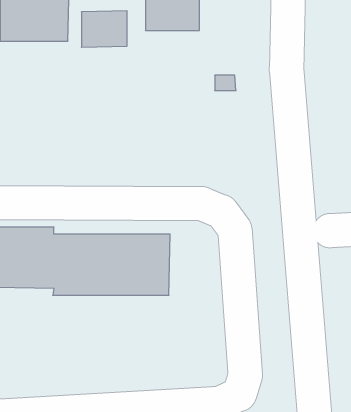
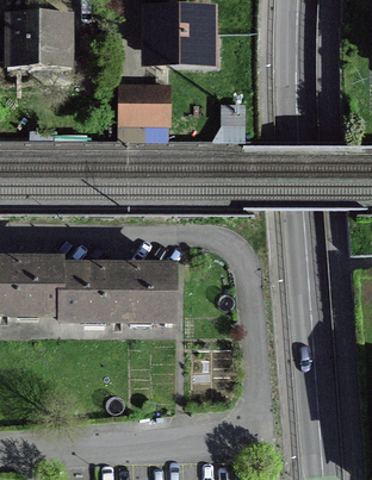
building: [81,11,127,47] -> [122,83,168,120]

